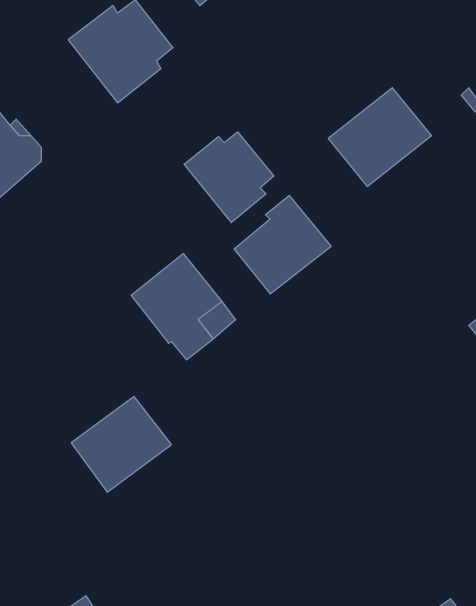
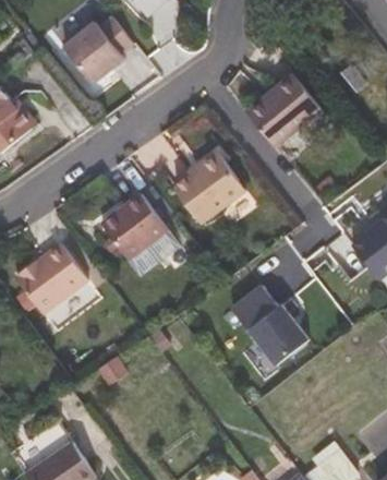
building: [184,132,274,223] -> none
building: none -> [231,286,306,362]
building: [71,397,171,492] -> [15,243,88,313]

